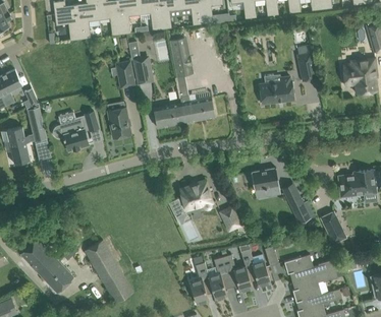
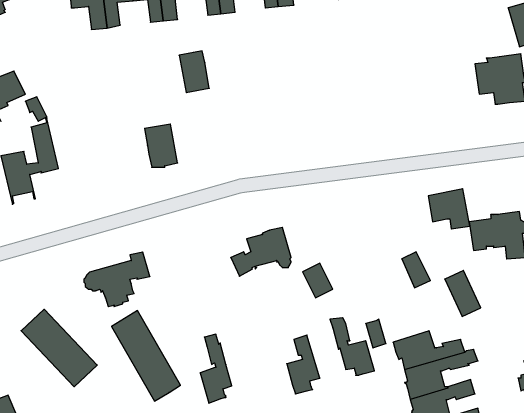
building: [170,38,194,77] -> none
building: [297,46,317,81] -> none
building: [115,61,135,89] -> none
building: [260,75,294,105] -> none
building: [154,96,216,128] -> none
building: [52,112,99,150] -> [84,252,150,307]
building: [252,168,281,196] -> [428,189,470,229]
building: [223,254,253,292] -> none
building: [190,256,213,305] -> [200,334,232,403]

